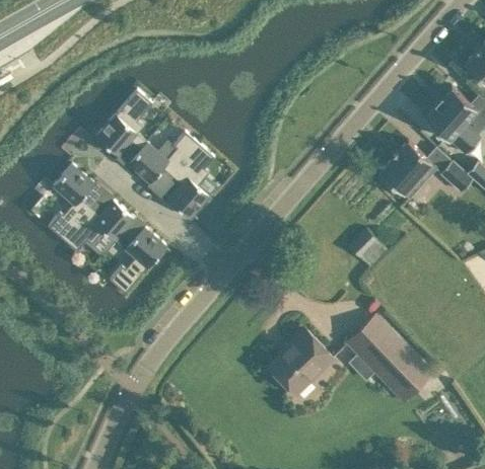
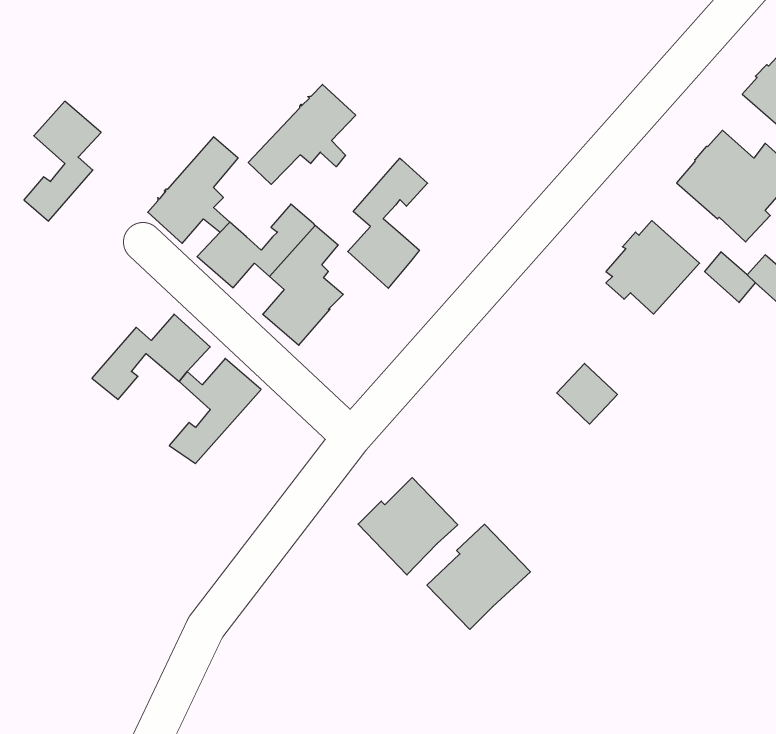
building: none -> [248,84,356,184]
building: none -> [348,158,428,288]
building: [47,165,94,239] -> [24,101,101,221]
building: none -> [358,478,458,575]
building: [347,315,432,402] -> none

